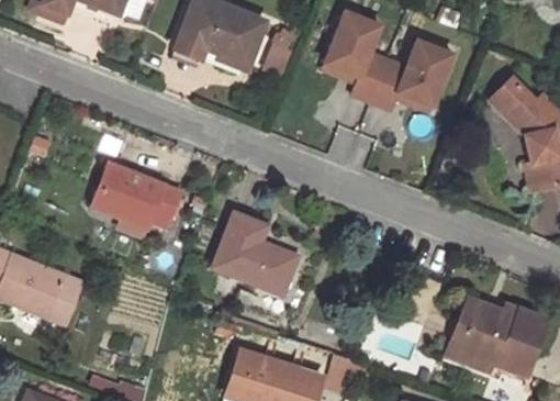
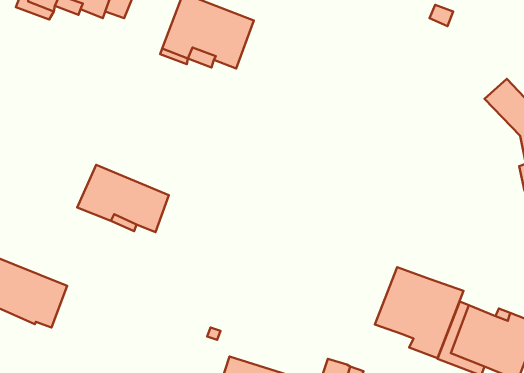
building: [324,11,453,109] -> none
building: [212,213,295,293] -> none
building: none -> [375,267,463,358]

